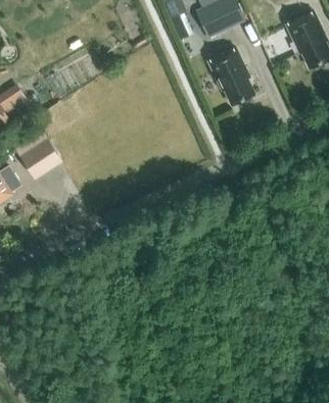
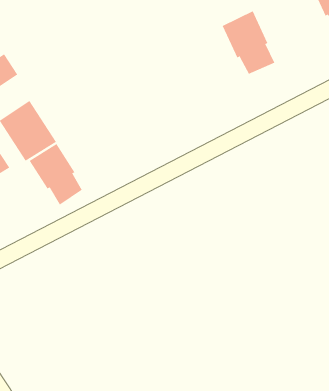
building: none -> [29,143,82,206]

